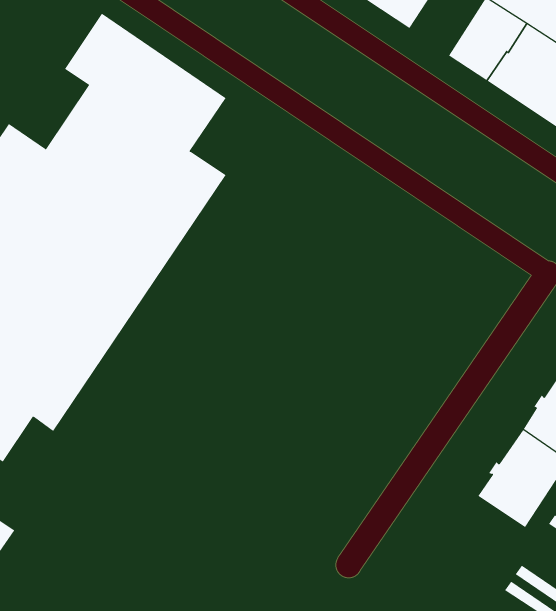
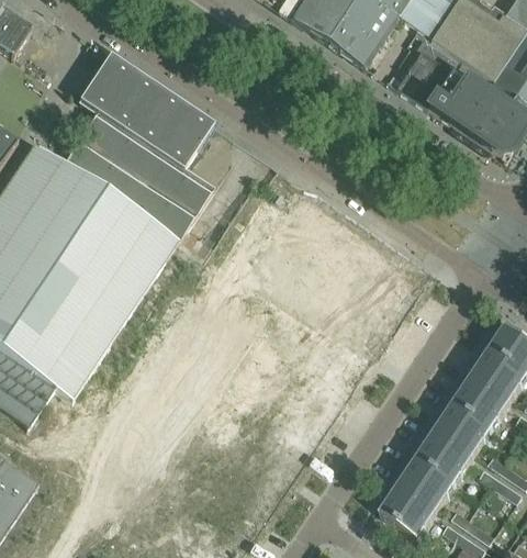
building: none -> [380,450,460,538]

